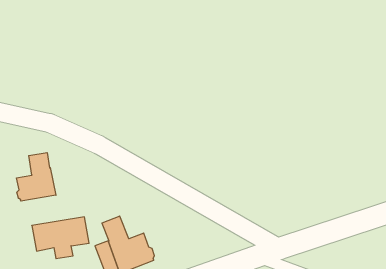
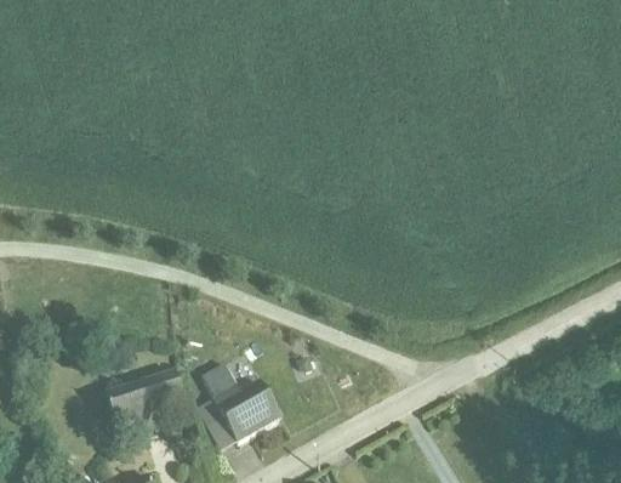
building: [17,153,56,201] -> none

